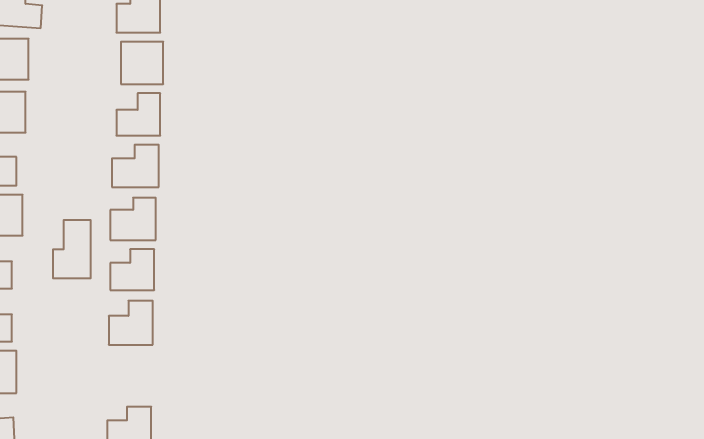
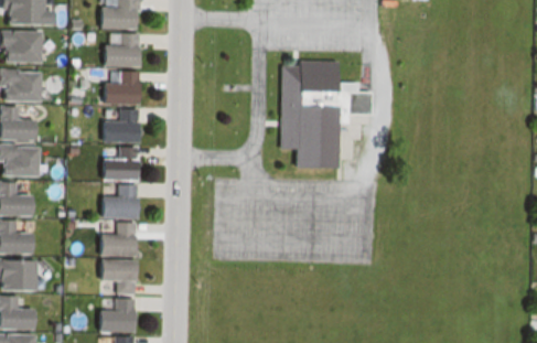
building: none -> [287,64,346,168]
building: [53,220,91,278] -> none
building: none -> [101,260,132,292]

